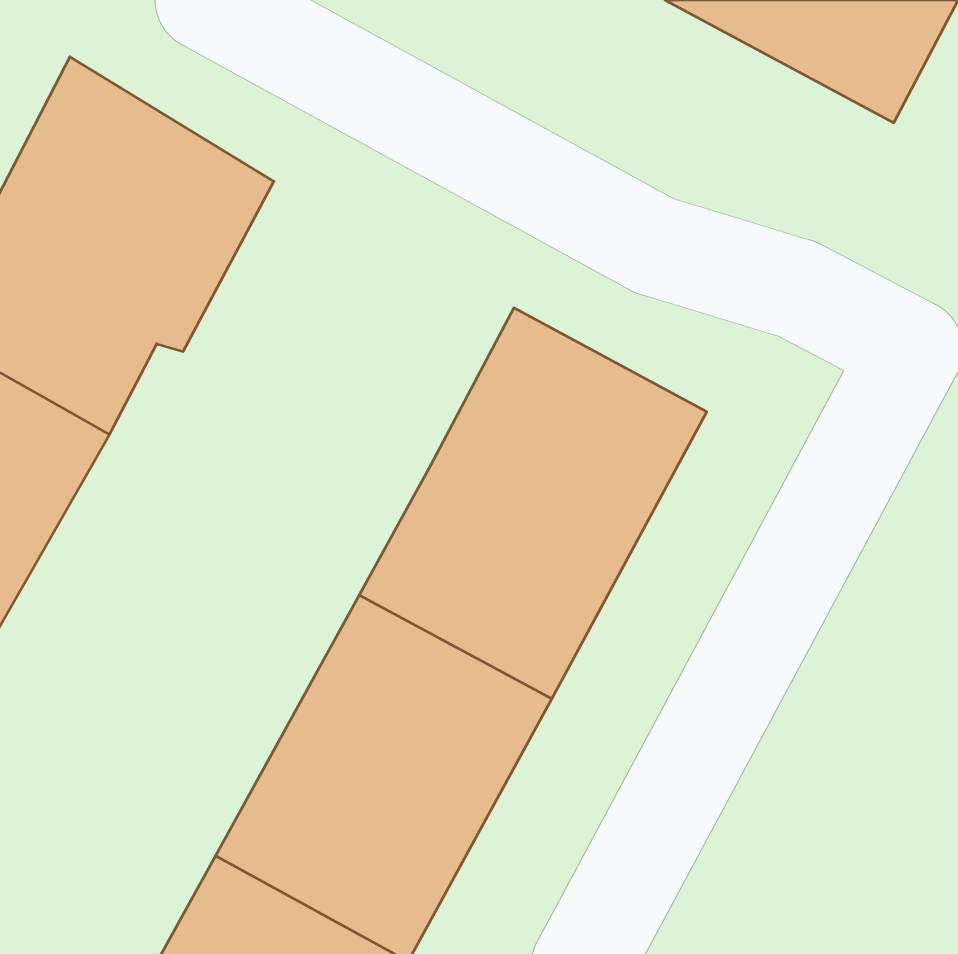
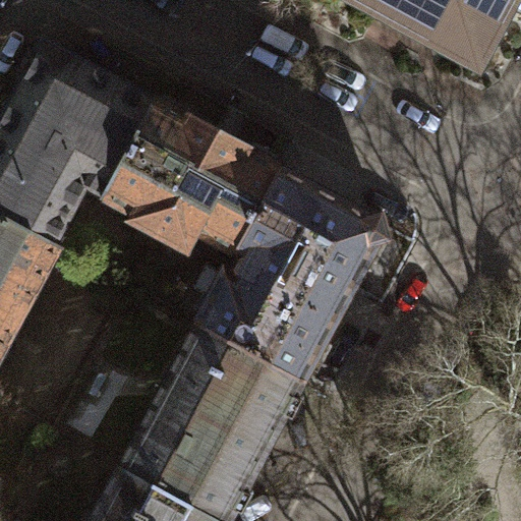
building: none -> [99,104,277,256]

